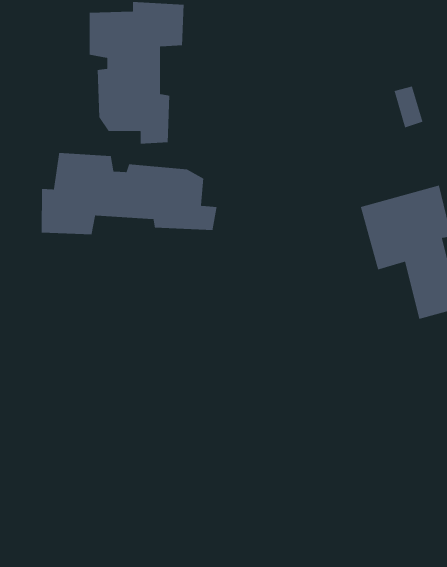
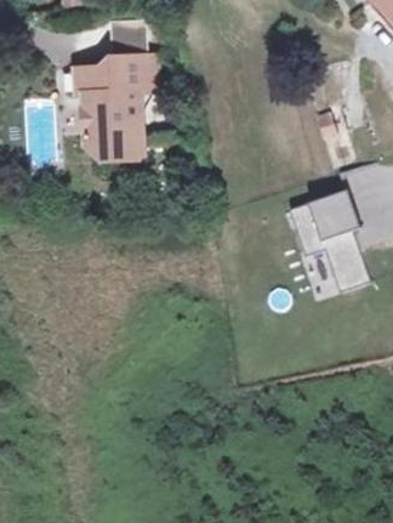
building: [41,152,217,235] -> none

